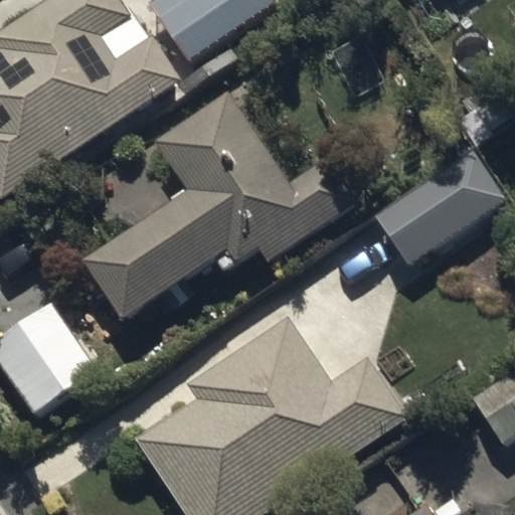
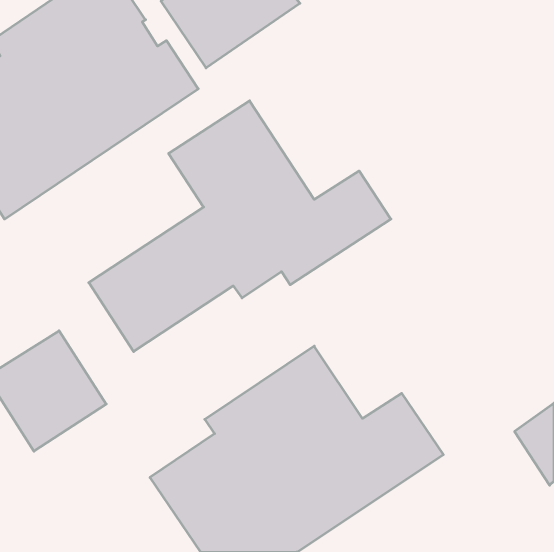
building: [371,145,501,259] -> none

